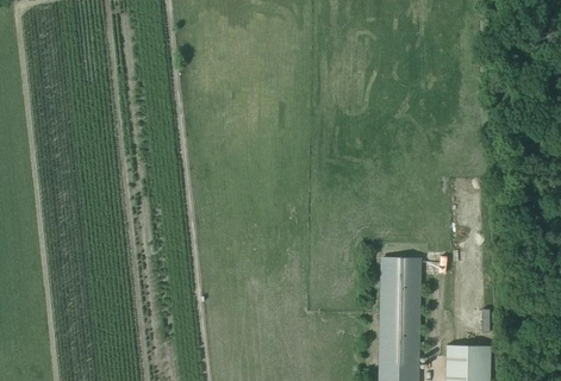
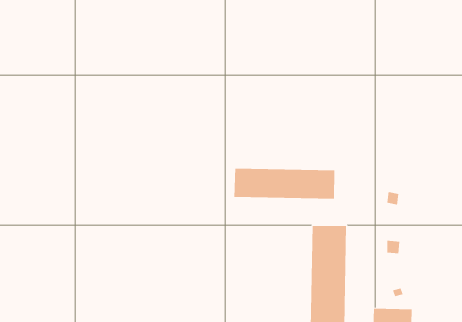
building: none -> [234,168,335,199]

